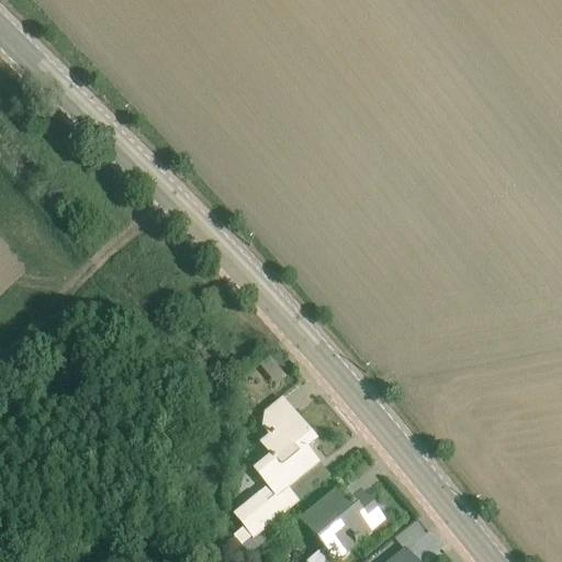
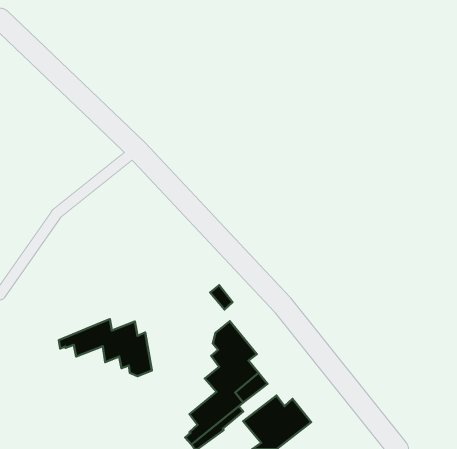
building: none -> [59,319,152,376]

